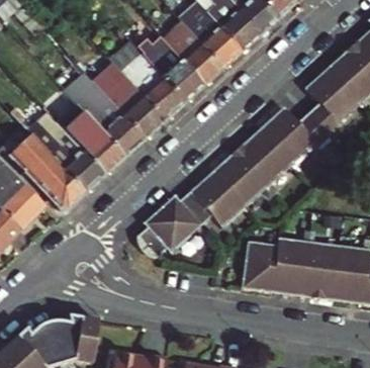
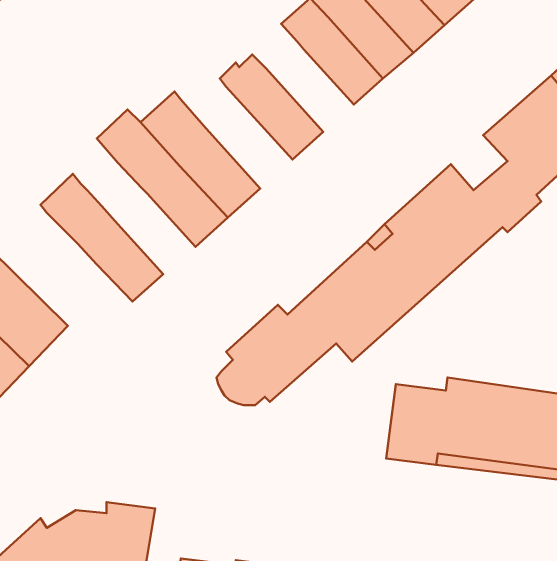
building: [169,28,223,85] -> none
building: [115,47,185,120] -> none
building: [57,104,124,174] -> none
building: [10,135,85,210] -> none

